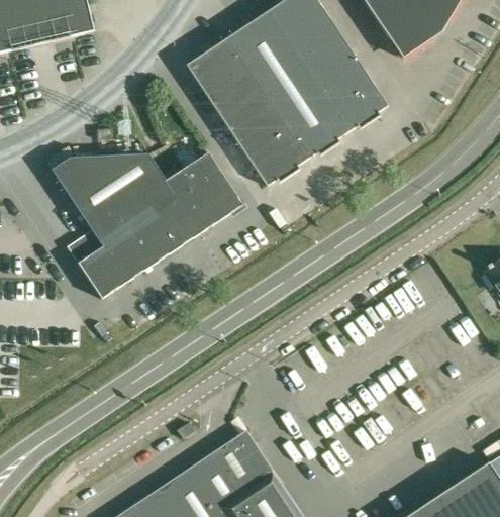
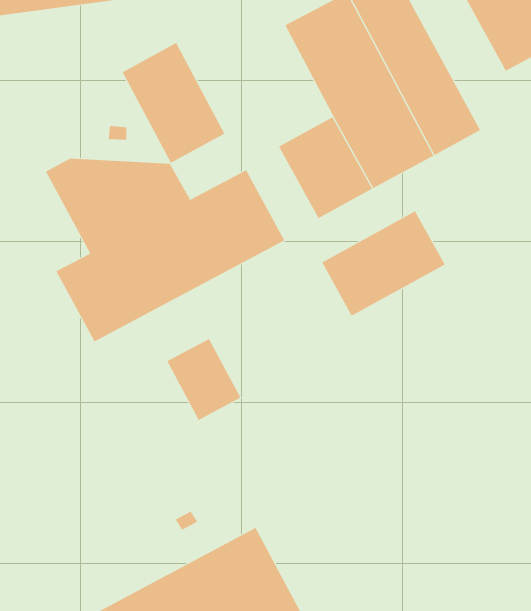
building: [187,37,272,132] -> [122,42,225,164]
building: none -> [321,211,445,317]
building: none -> [167,338,241,421]

